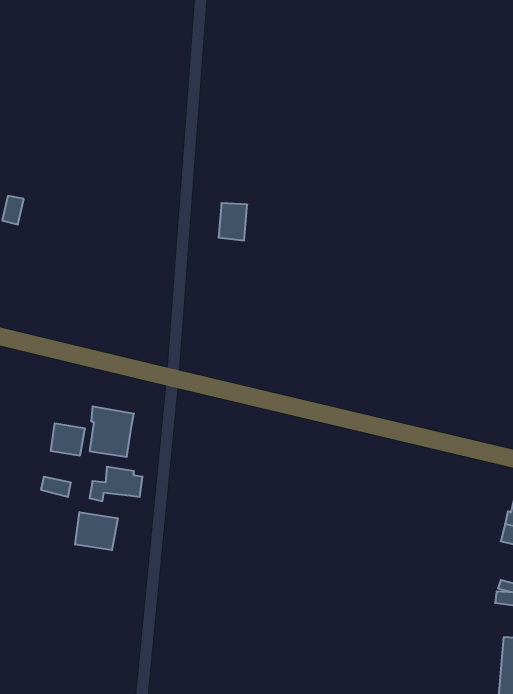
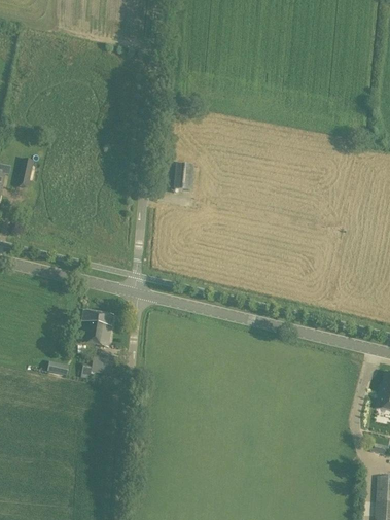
building: [51,423,85,456] -> none
building: [75,512,118,550] -> none

